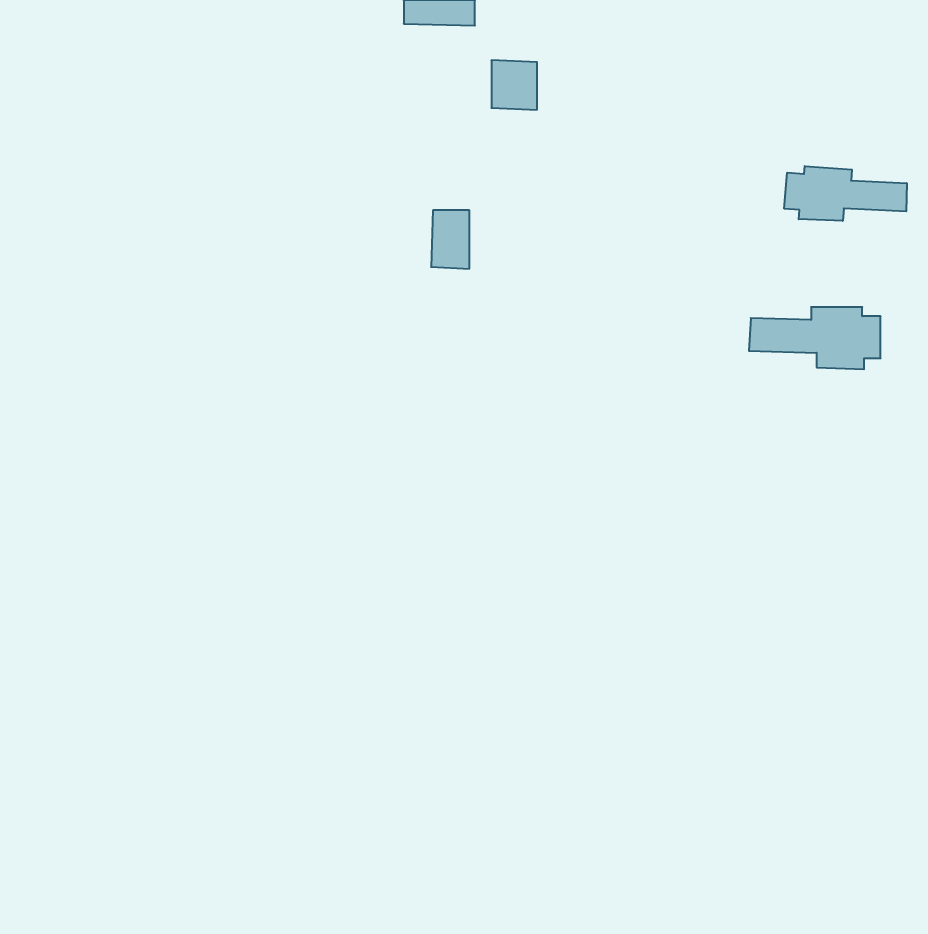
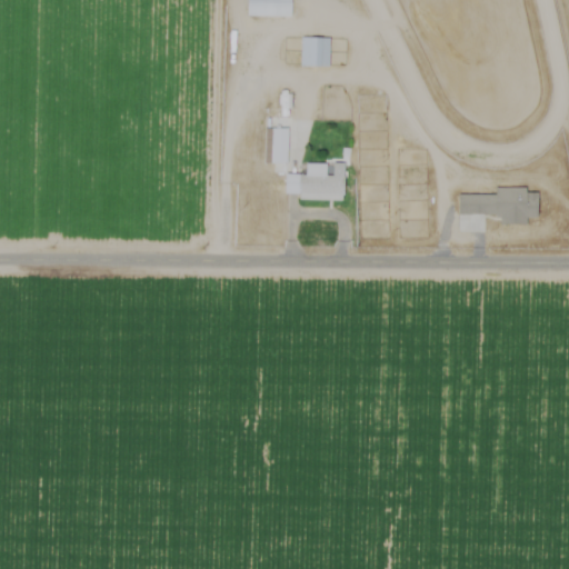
building: [784,166,907,221] -> none
building: none -> [286,162,346,200]

